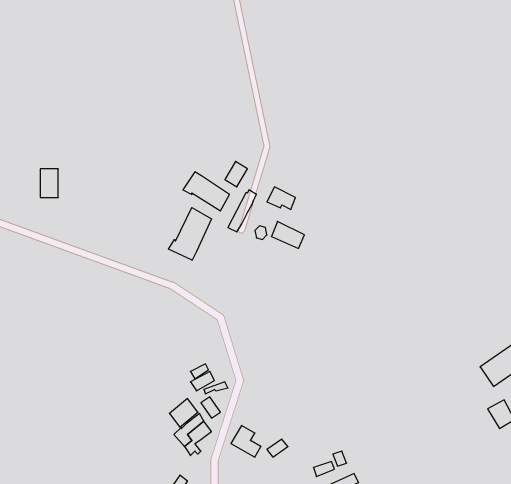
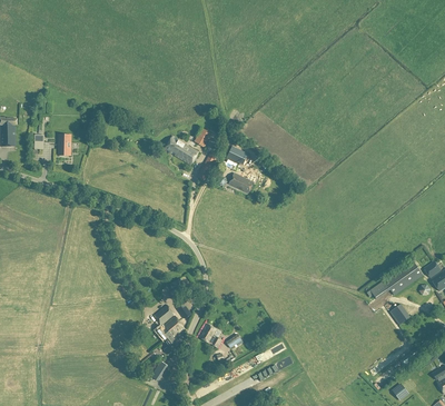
building: [168,208,211,260] -> none

